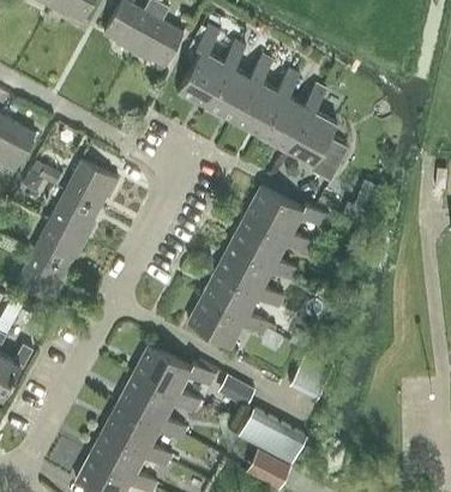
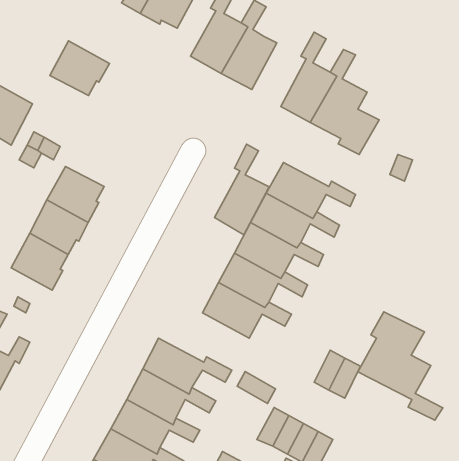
building: [233,54,282,136] -> [215,144,269,235]
building: [65,158,119,208] -> [50,41,110,95]
building: none -> [358,312,443,420]

